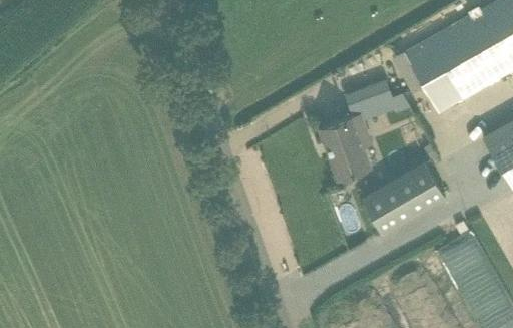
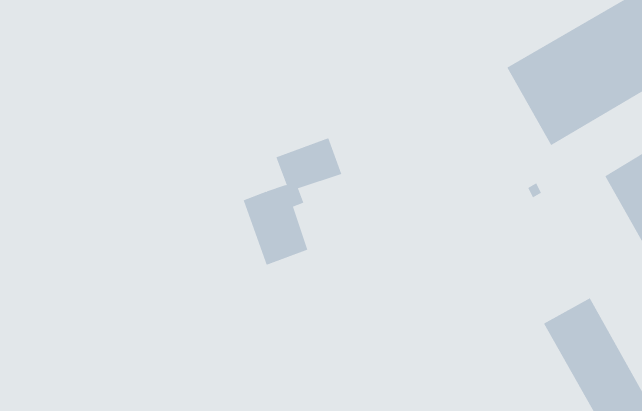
building: [320,81,396,180] -> [243,138,342,266]
building: [361,161,445,234] -> none

